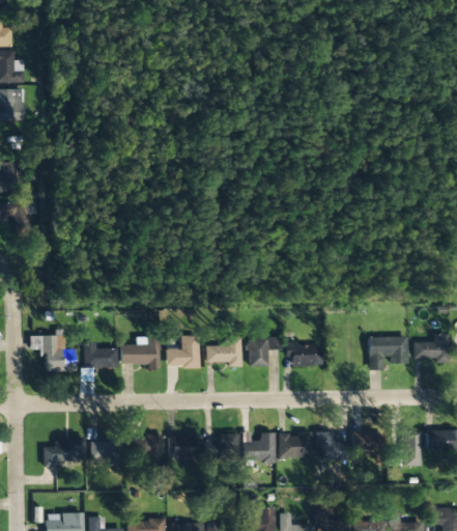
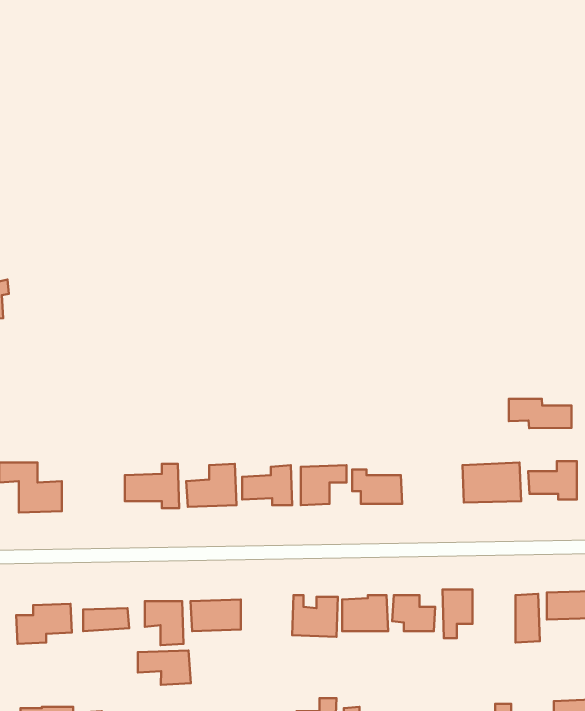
building: none -> [509,399,572,428]
building: [84,341,118,369] -> none
building: [217,436,238,457] -> none
building: none -> [138,650,191,685]

